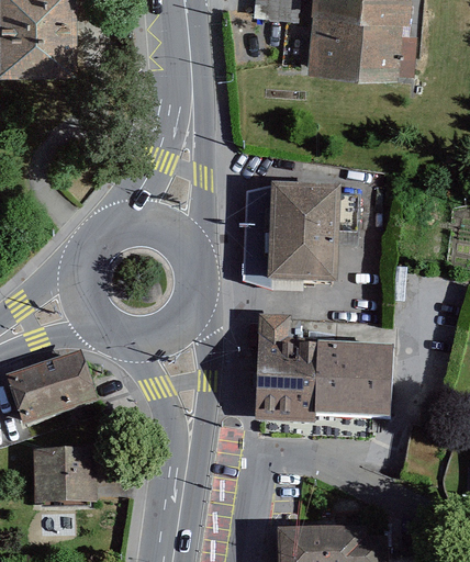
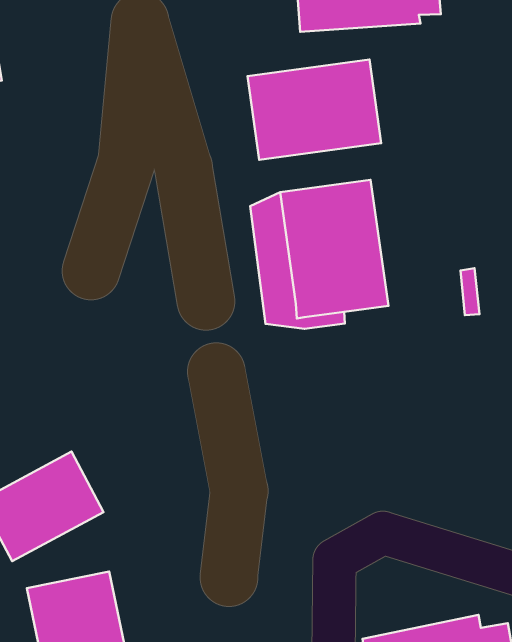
building: none -> [247,59,381,160]
building: [255,315,391,424] -> none

